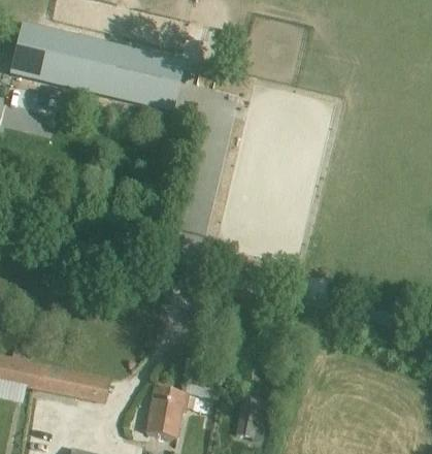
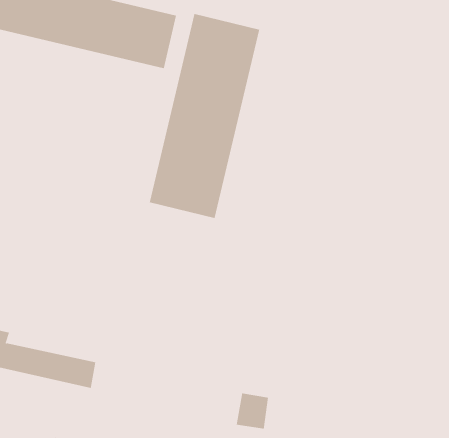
building: none -> [149,13,260,219]
building: [143,385,189,435] -> none

